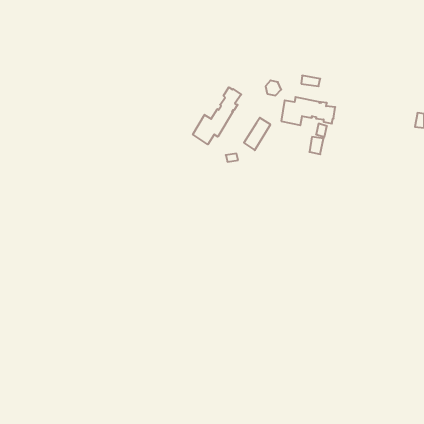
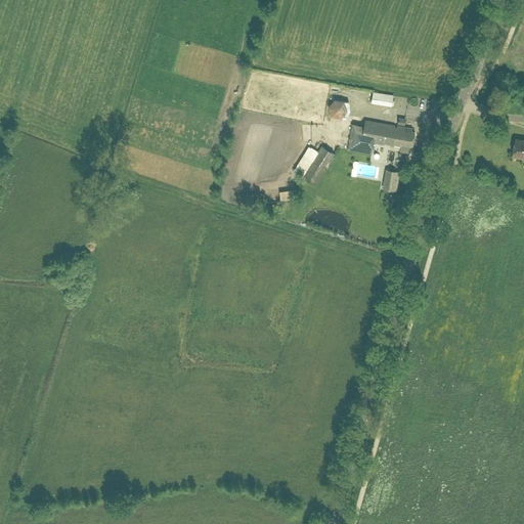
building: [193,87,241,144] -> none

